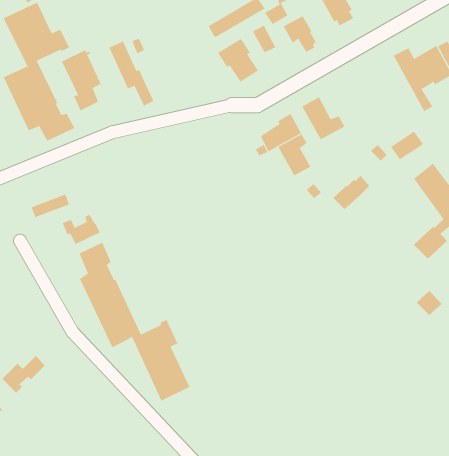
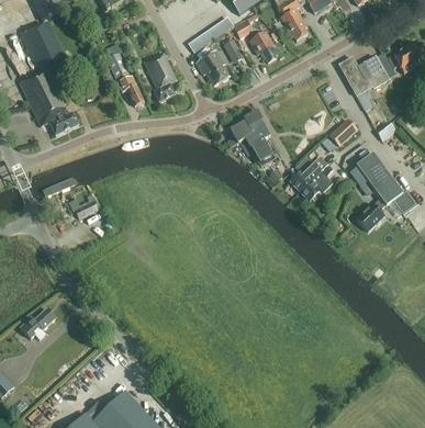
building: [61,49,101,111] -> [144,52,177,102]
building: [302,96,345,140] -> none
building: none -> [300,170,333,200]
building: [79,242,190,401] -> none

